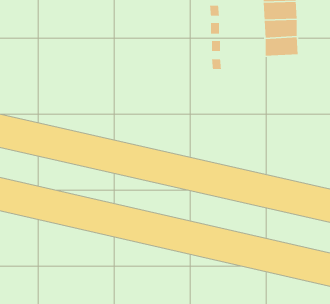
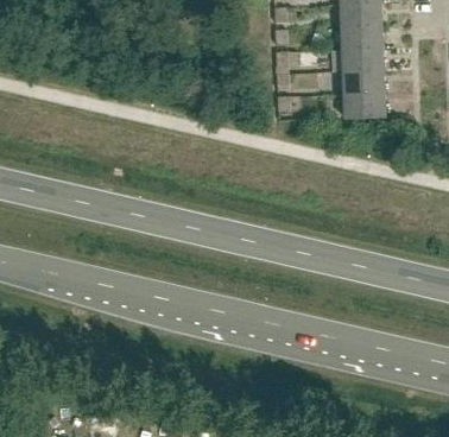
building: none -> [343,94,386,119]

